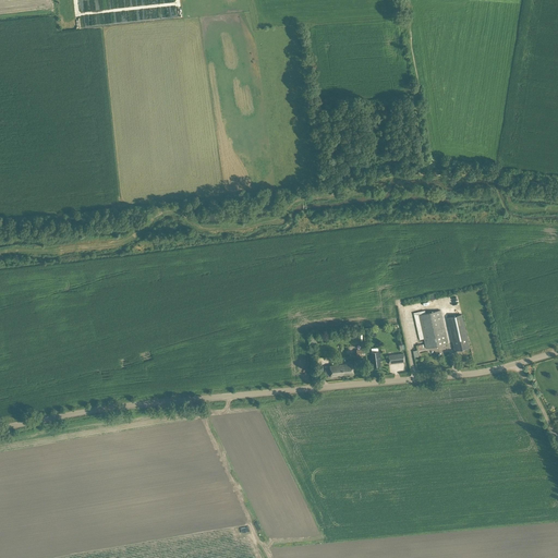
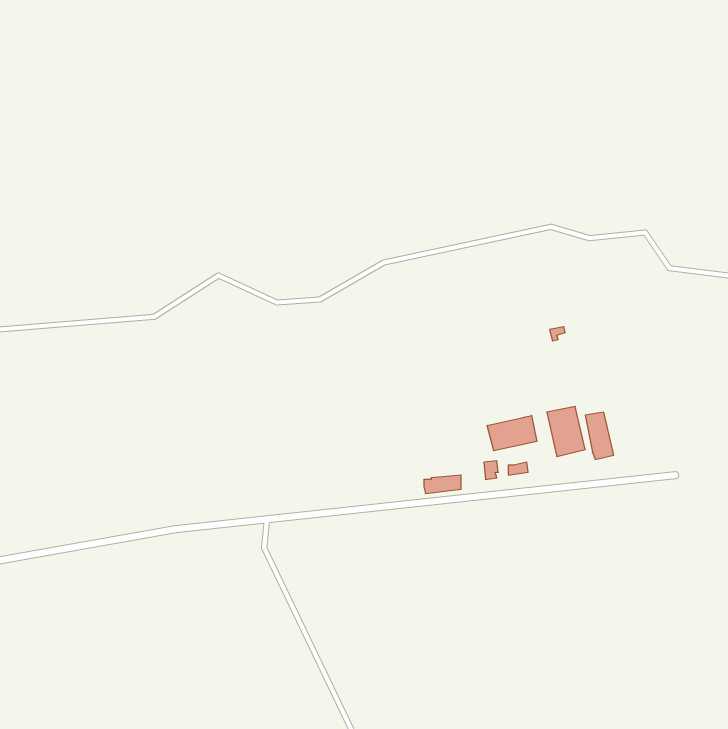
building: none -> [487,415,537,451]

